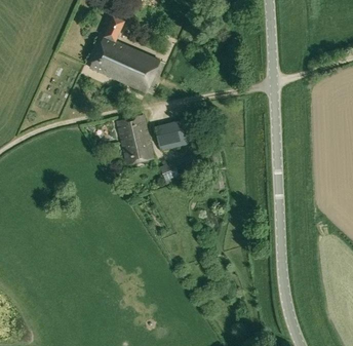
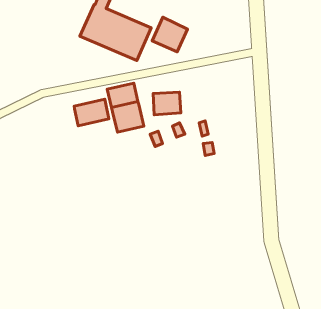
building: none -> [152,17,187,52]
building: none -> [74,99,109,126]

